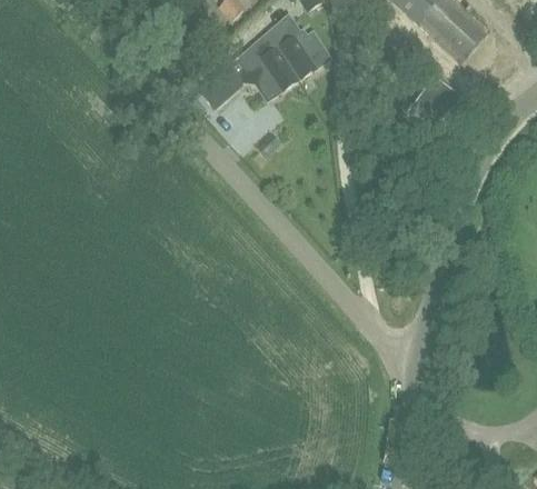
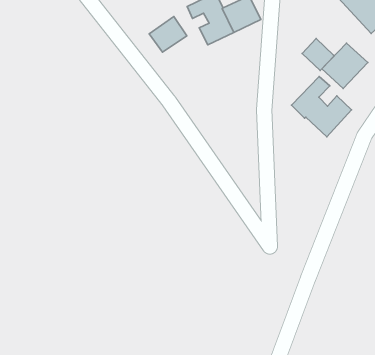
building: none -> [302,39,334,71]
building: none -> [291,76,352,137]

